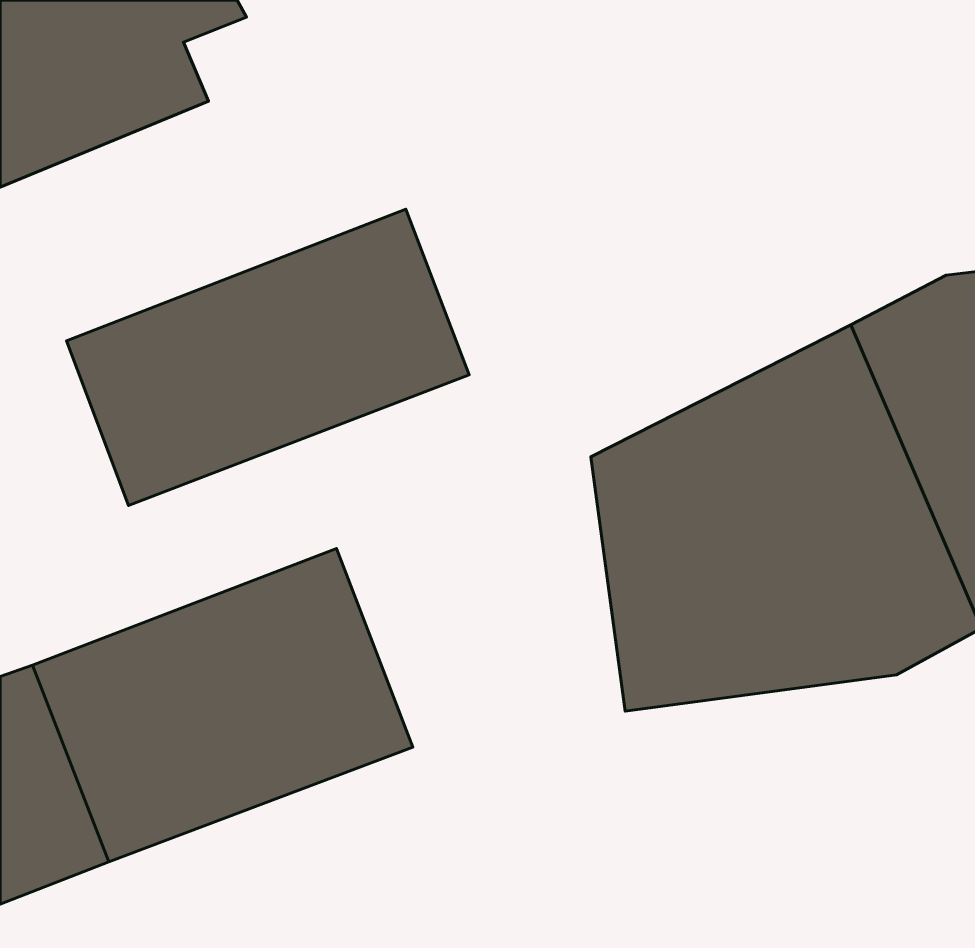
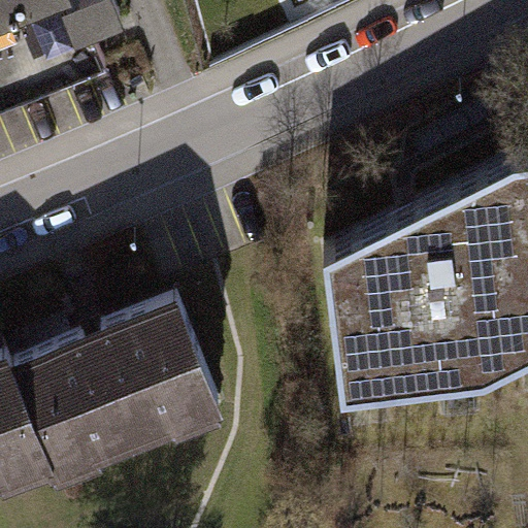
building: [66,209,469,506] -> none

